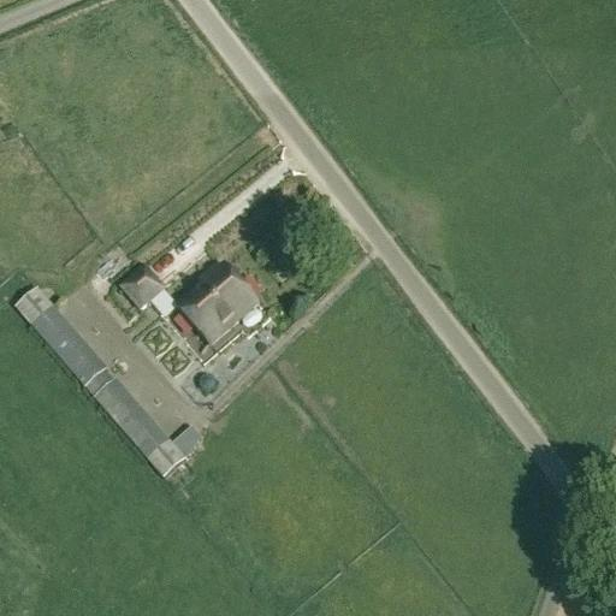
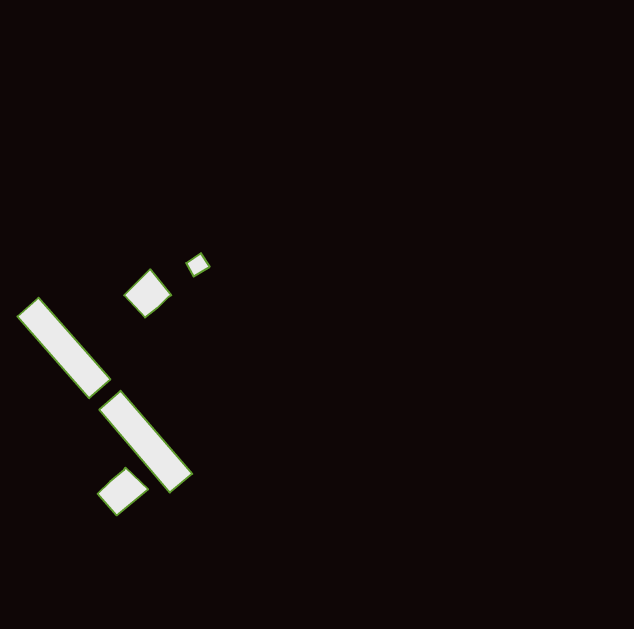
building: [177,263,257,343] -> none
building: none -> [98,468,148,515]

